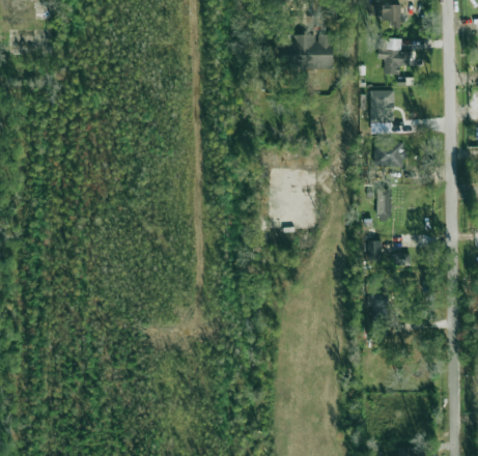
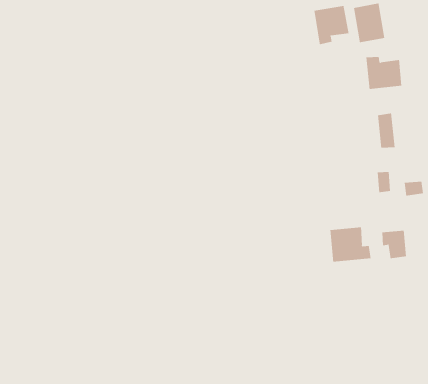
building: none -> [314,5,349,45]
building: none -> [330,226,371,262]

